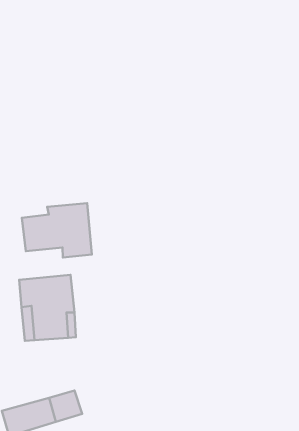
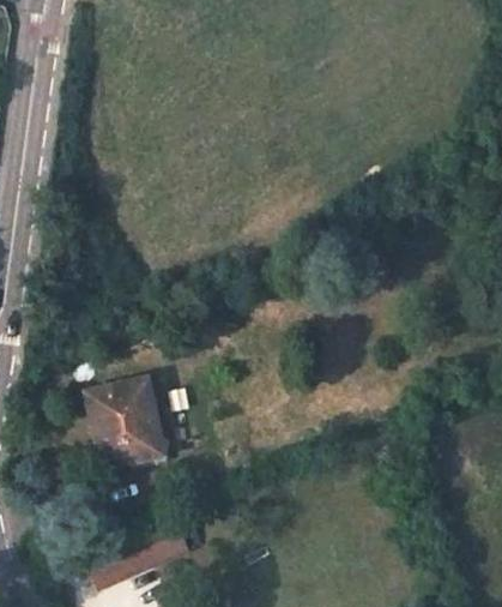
building: [22,203,92,258] -> none

